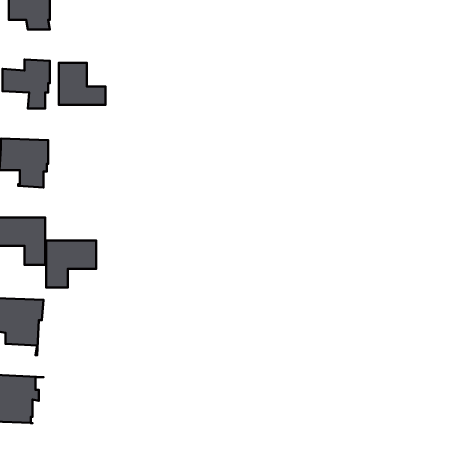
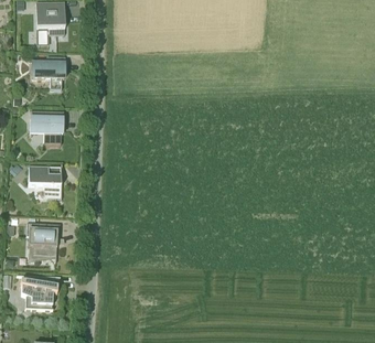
building: [59,63,105,105] -> none
building: [46,240,96,288] -> none

